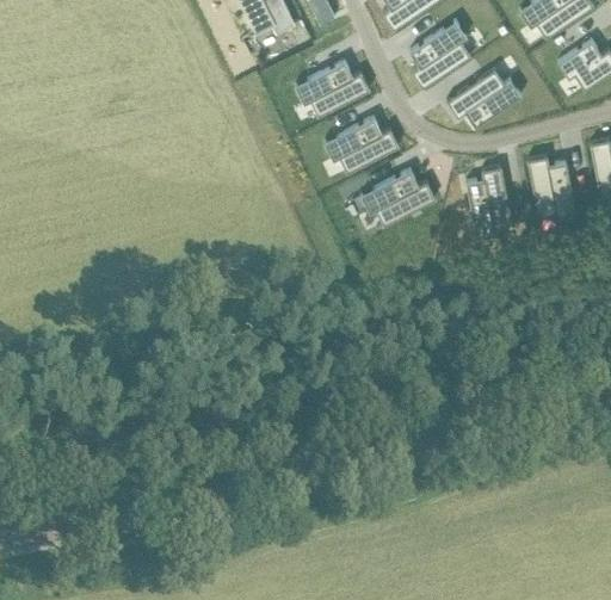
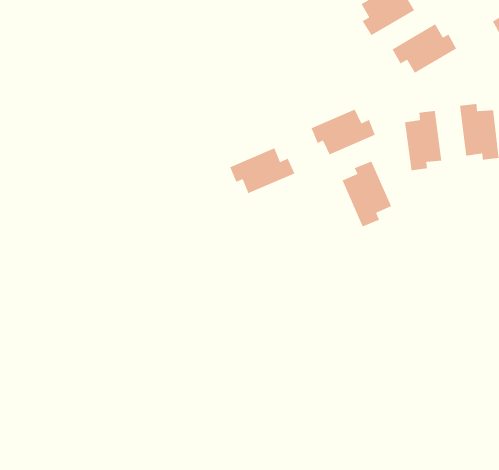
building: [295,57,370,113] -> none
building: [325,115,400,169] -> [229,147,296,194]
building: none -> [342,161,392,228]

